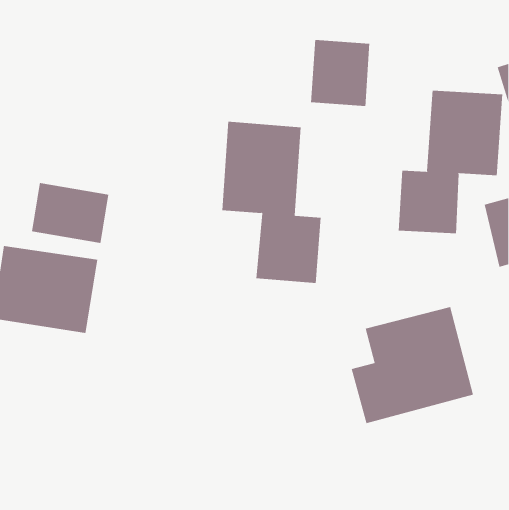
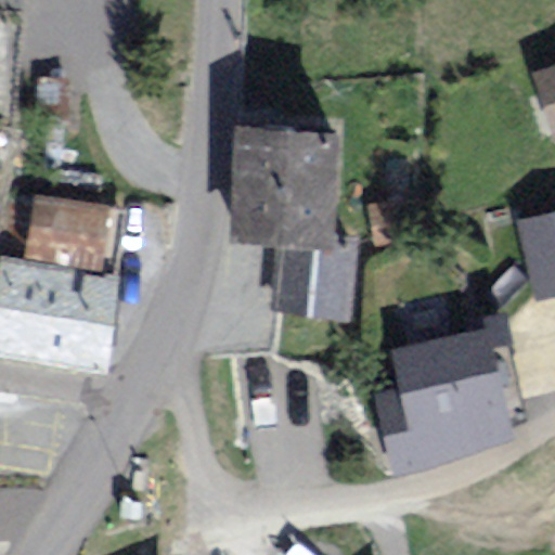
building: [311,39,370,107] -> none
building: [398,90,503,234] -> none

